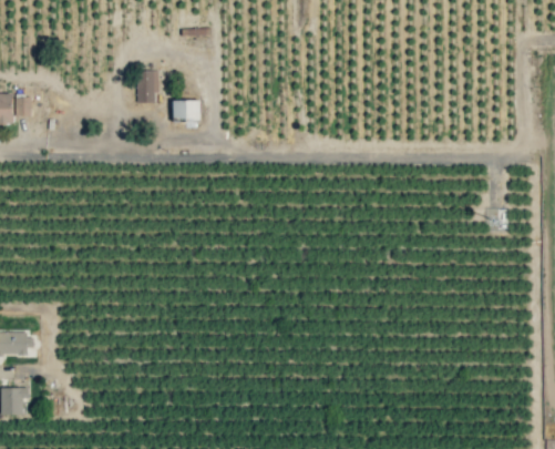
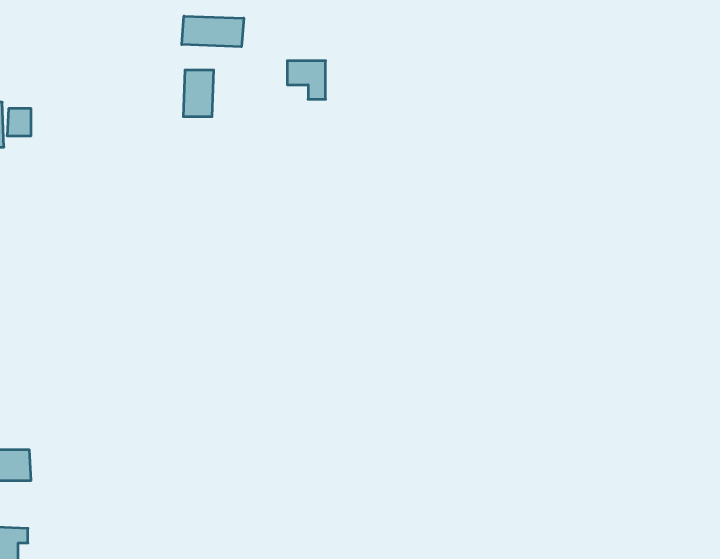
building: none -> [182,16,244,47]
building: [172,101,198,127] -> [287,61,326,99]

